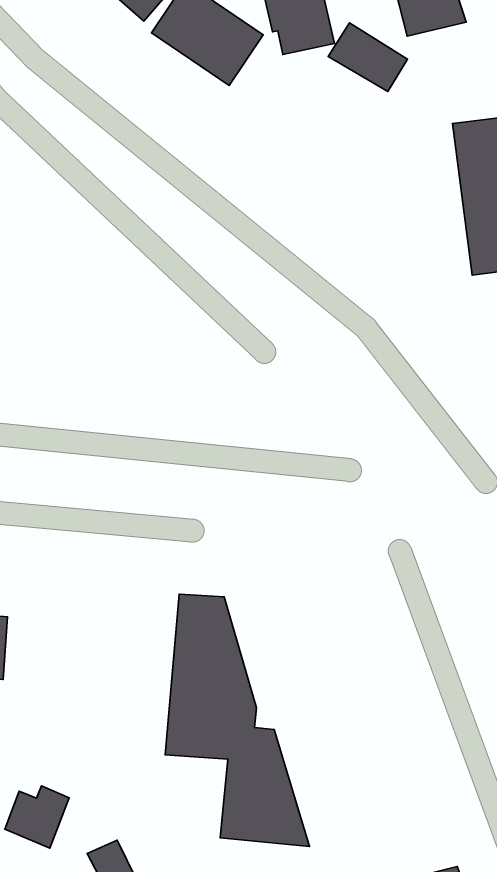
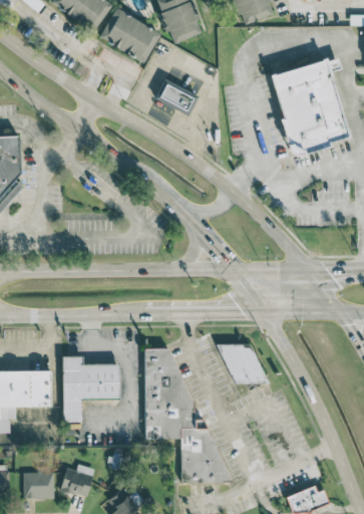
building: [328,23,407,91] -> [153,78,198,114]
building: none -> [62,355,119,422]
building: none -> [218,342,268,388]

